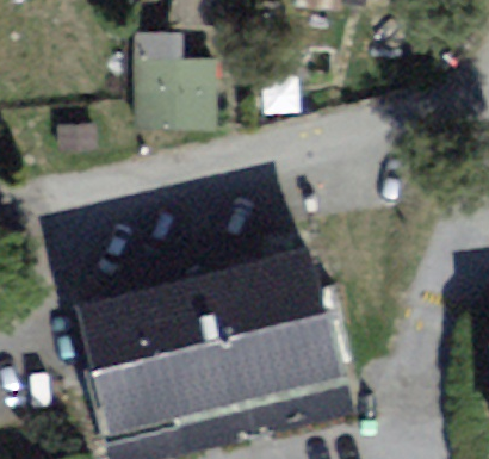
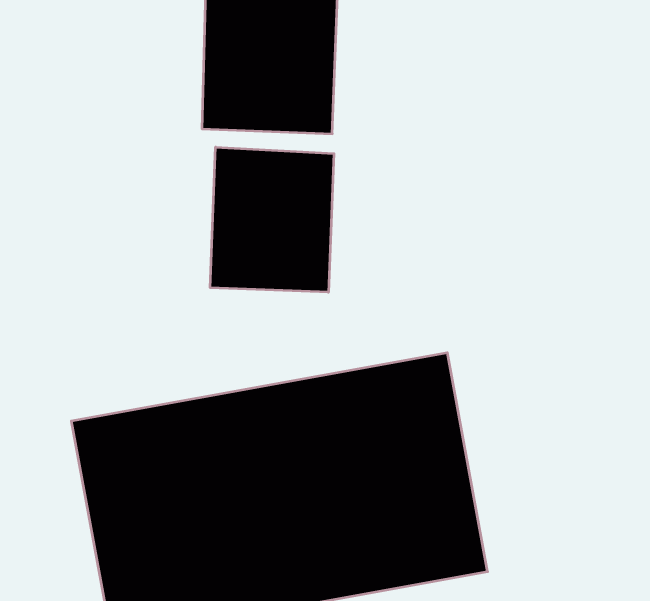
building: none -> [210,147,334,292]

